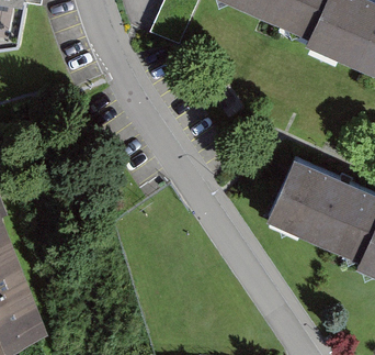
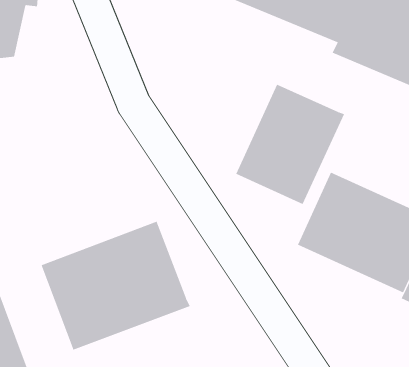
building: none -> [236,84,345,205]
building: none -> [41,221,191,350]

